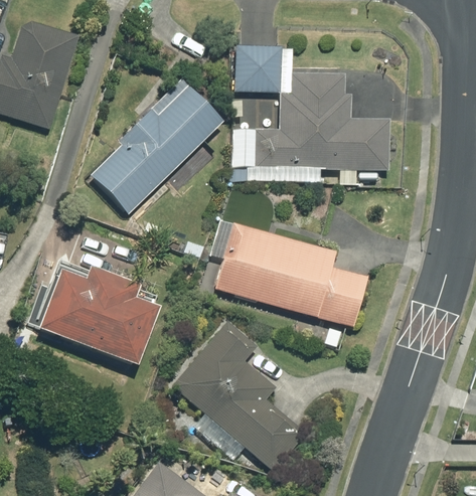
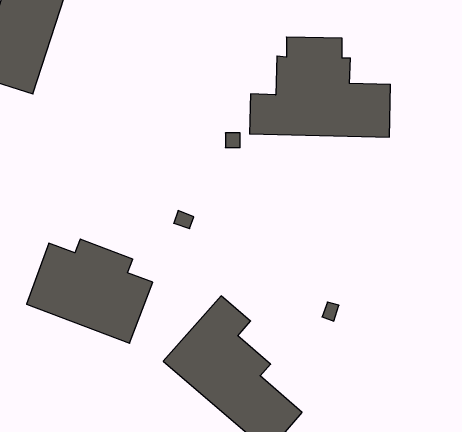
building: [234,45,281,92] -> none
building: [90,85,223,213] -> none
building: [215,222,367,328] -> none

